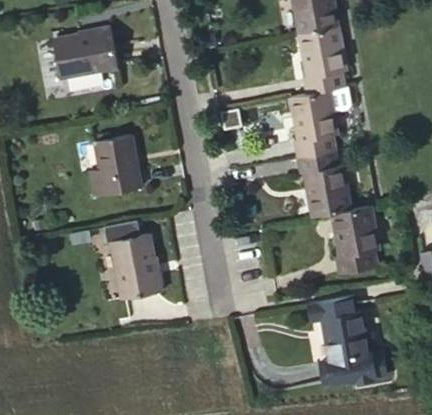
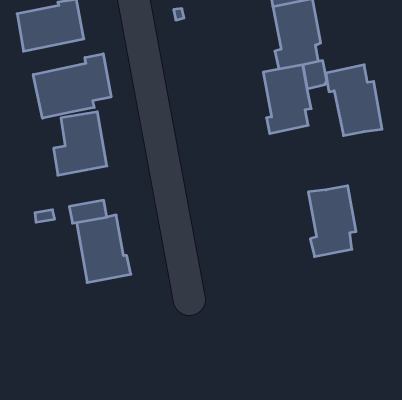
building: none -> [33,54,111,118]
building: [296,149,350,217] -> [326,65,382,136]
building: [304,297,387,384] -> none

